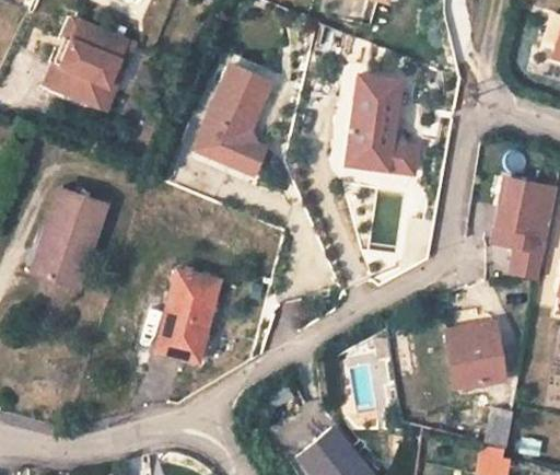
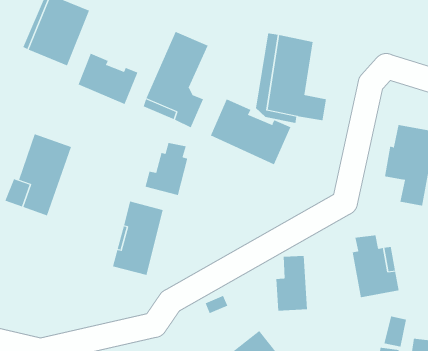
building: none -> [78,53,138,105]
building: none -> [210,98,291,165]
building: none -> [145,142,188,196]

